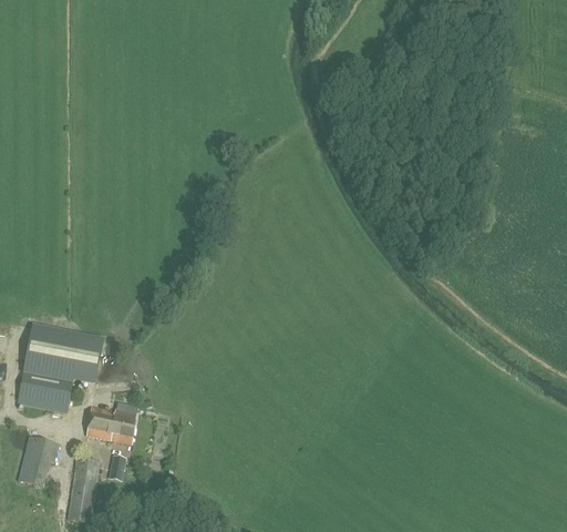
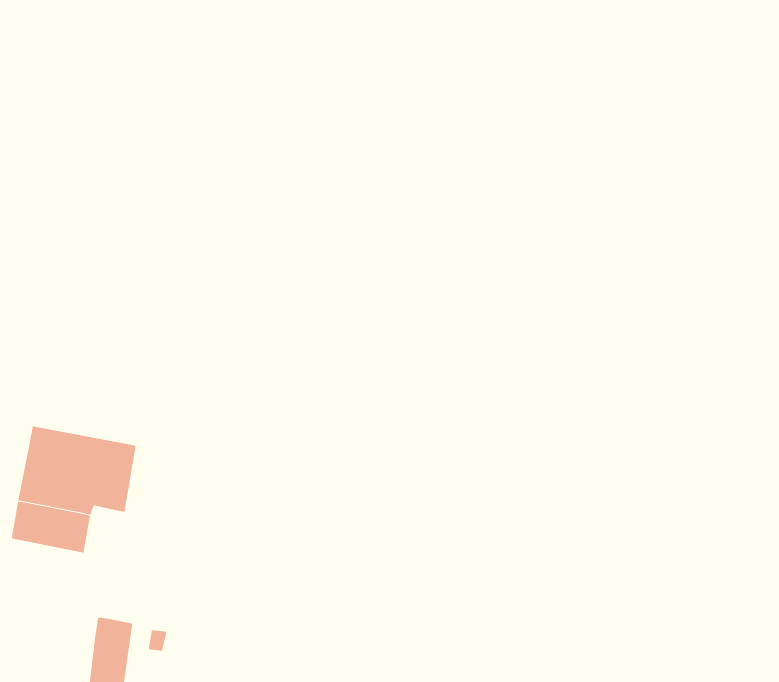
building: [86,405,137,443] -> none
building: [18,434,60,487] -> none

